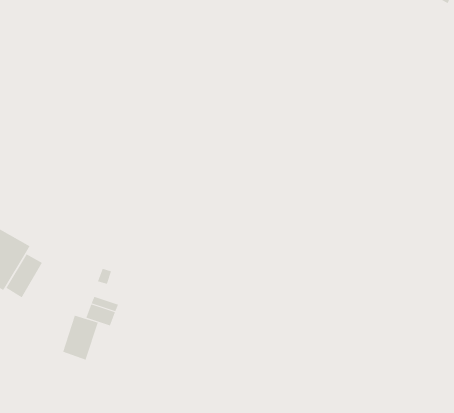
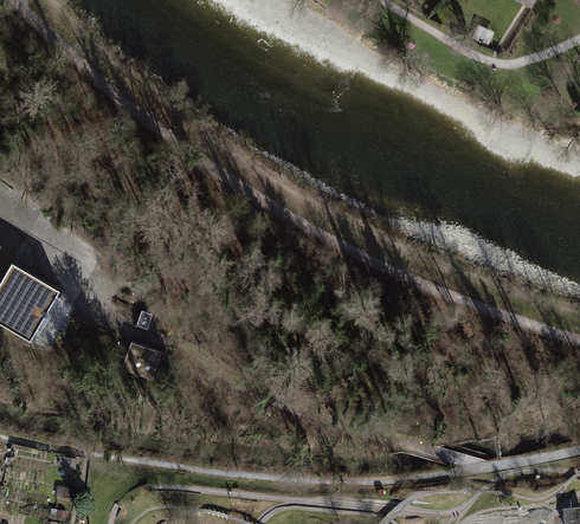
building: [63,315,99,360] -> none

